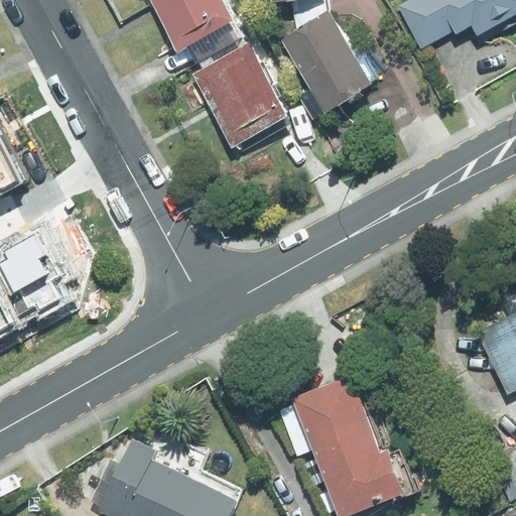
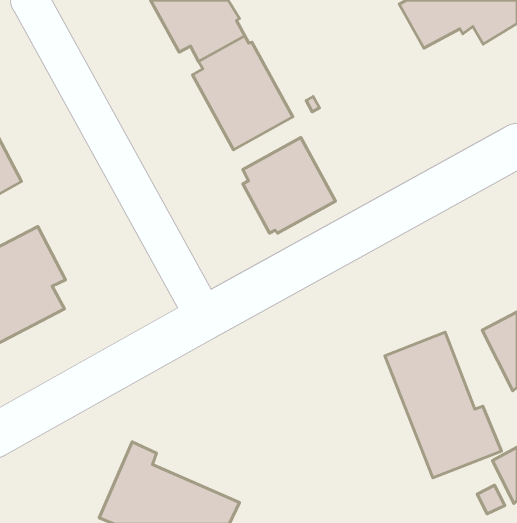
building: [278,9,373,114] -> none
building: none -> [243,138,335,233]
building: [293,367,408,510] -> [385,332,501,478]

